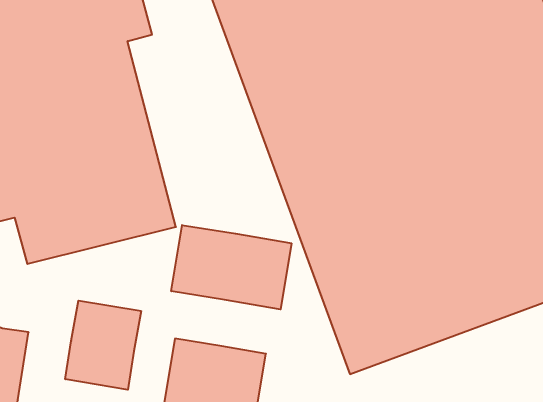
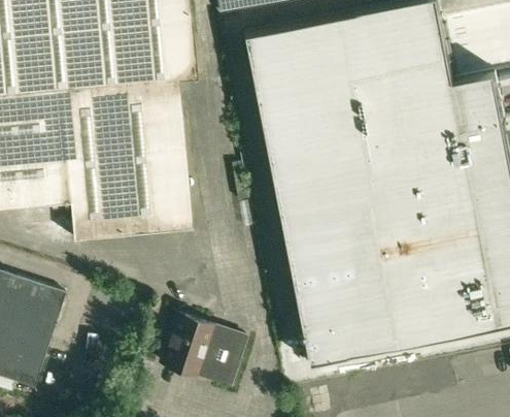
building: [171,225,291,309] -> none
building: [65,301,141,390] -> none

